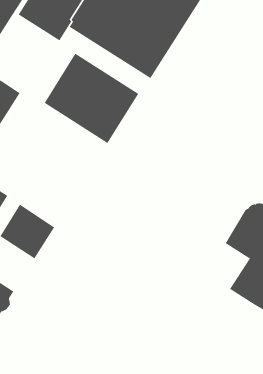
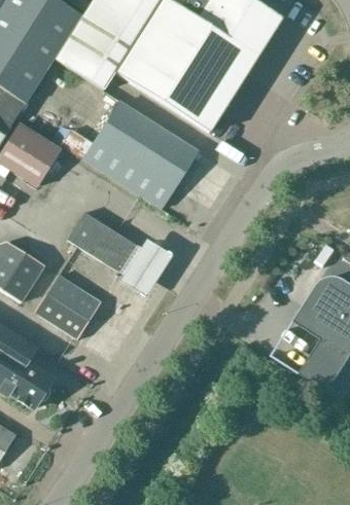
building: none -> [68,213,137,273]
building: none -> [119,248,171,304]

